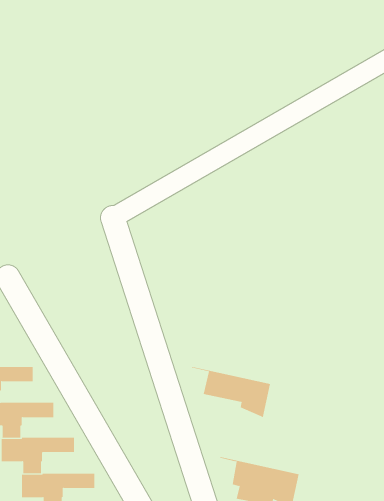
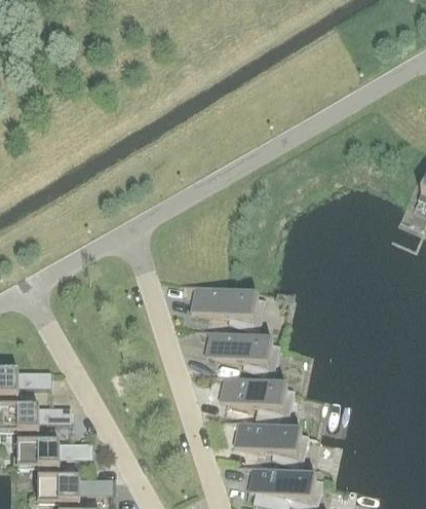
building: none -> [179,280,259,331]
building: none -> [193,325,273,376]
building: none -> [222,415,302,467]

